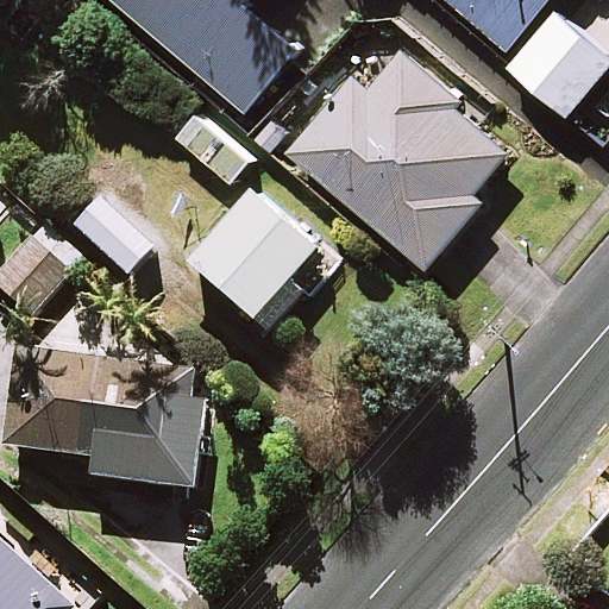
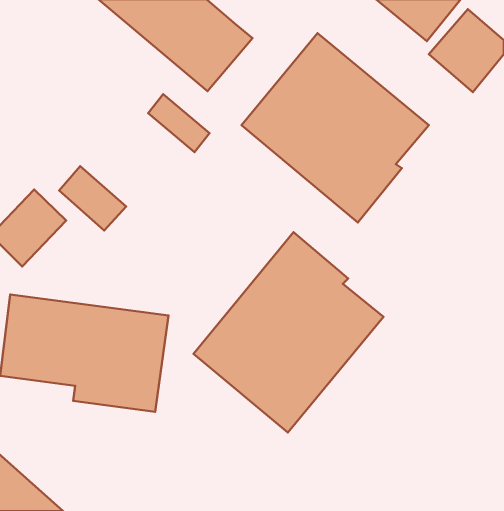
building: [186,188,333,334] -> none
building: none -> [193,232,384,432]

